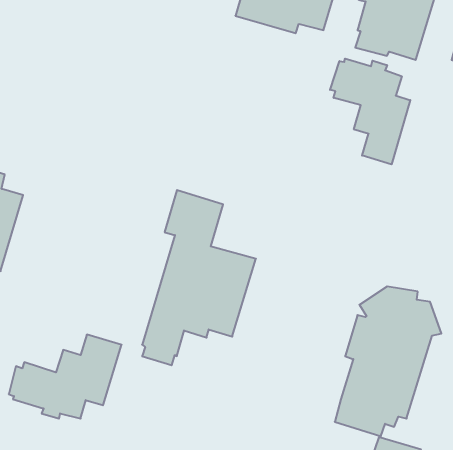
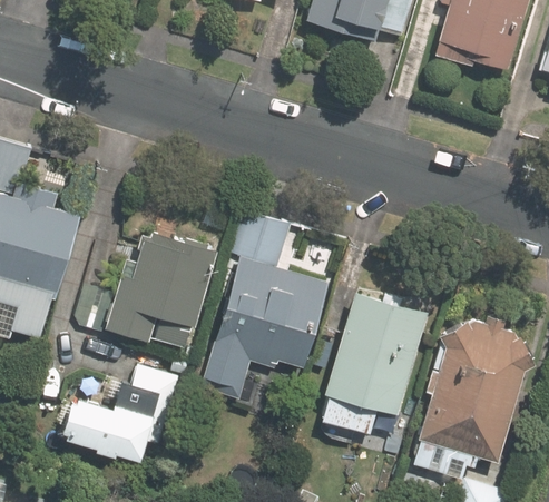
building: [330,59,410,164] -> none
building: none -> [82,237,217,351]
building: none -> [314,291,420,436]

